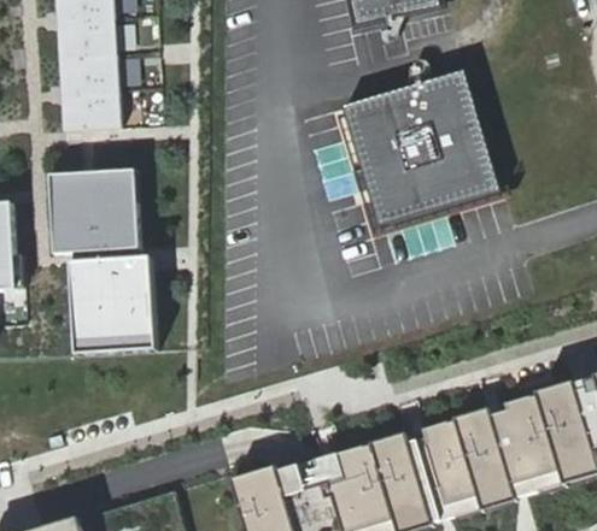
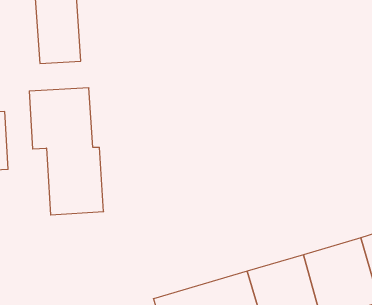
building: [344,70,498,223] -> none

